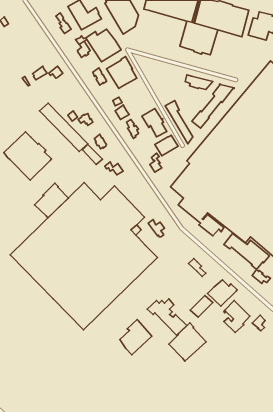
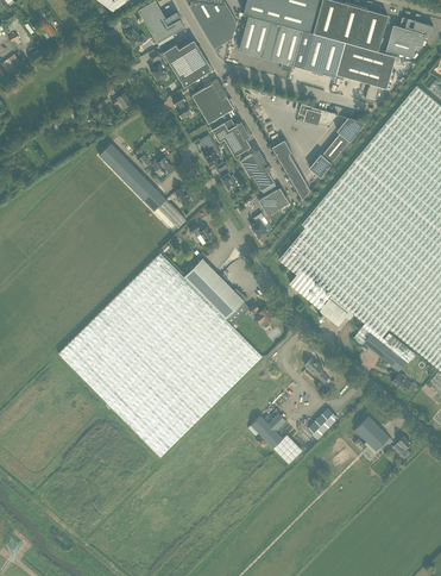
building: none -> [239,14,302,70]
building: none -> [335,42,395,100]
building: none -> [212,121,251,156]
building: [4,132,51,180] -> none
building: [35,183,68,218] -> none
building: [207,280,237,306] -> none
building: [120,320,152,355] -> none
building: [169,323,206,361] -> none

